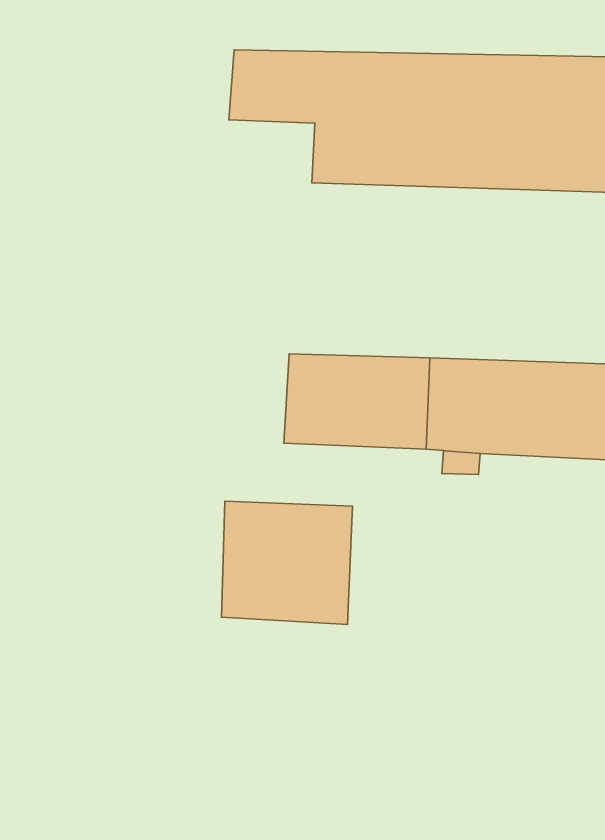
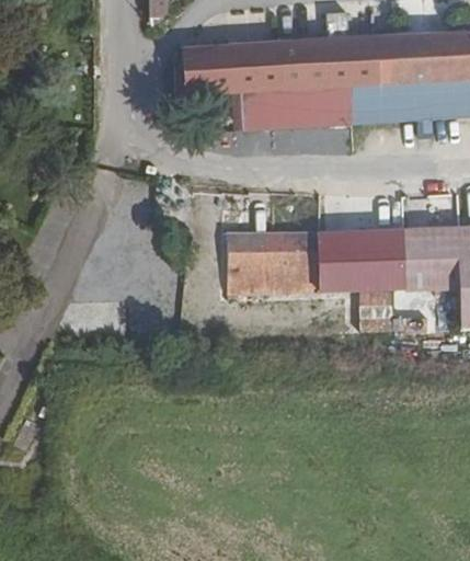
building: [222,501,352,625] -> none

